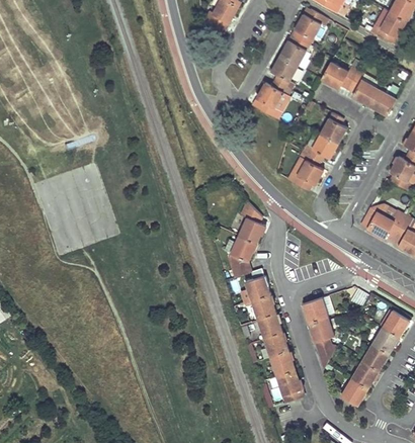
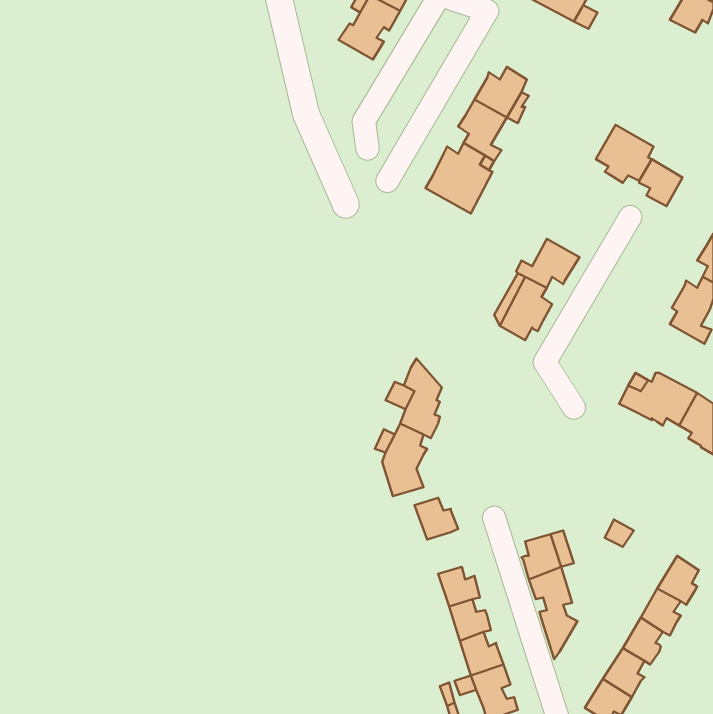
building: [294,7,328,45] -> none
building: [369,7,406,41] -> none
building: [321,62,359,89] -> none
building: [320,112,346,144] -> none
building: [248,297,276,322] -> none

